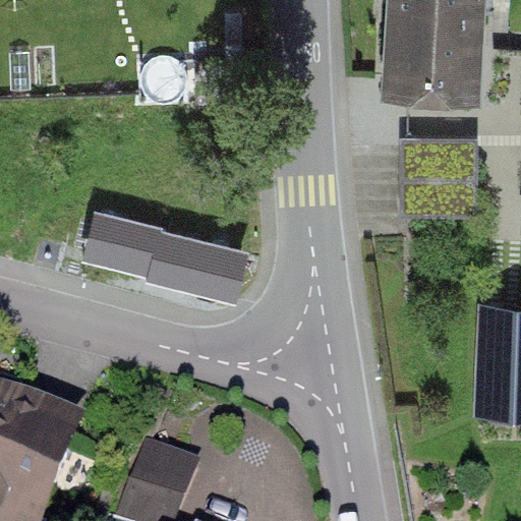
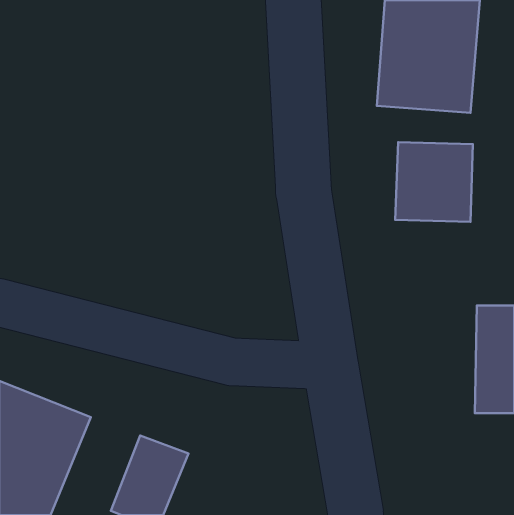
building: [79,210,253,298] -> none

